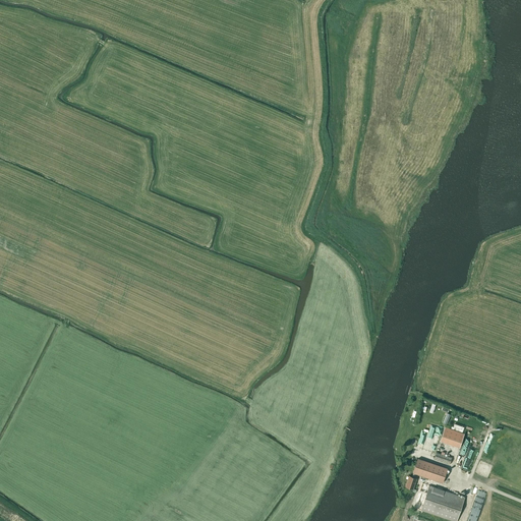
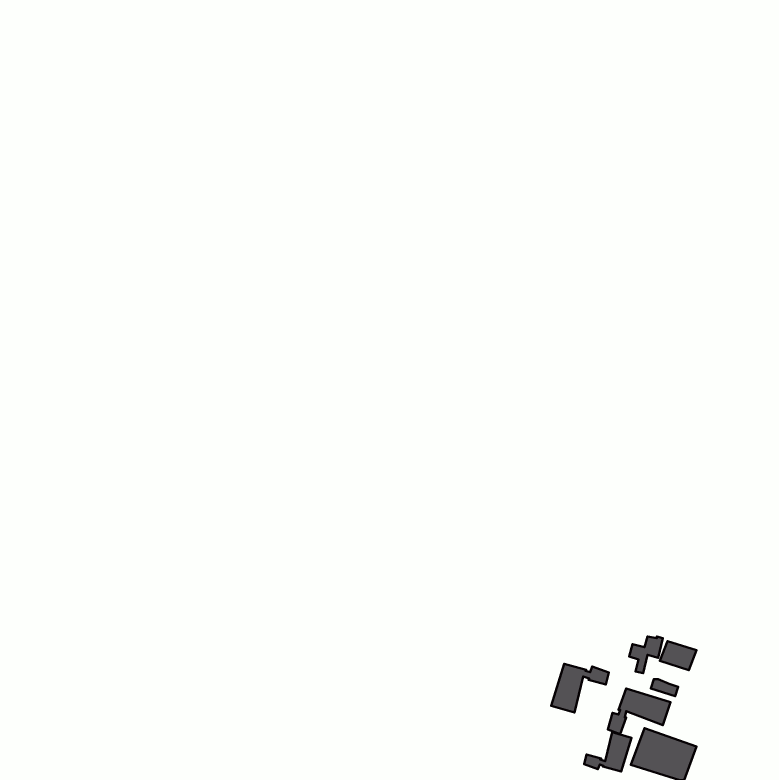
building: none -> [551,664,609,712]
building: none -> [584,732,632,772]

